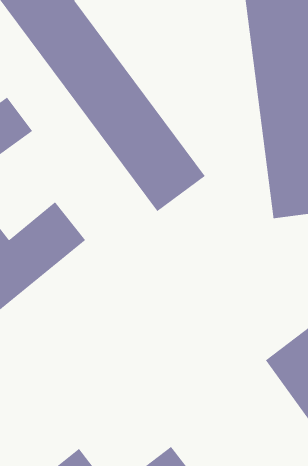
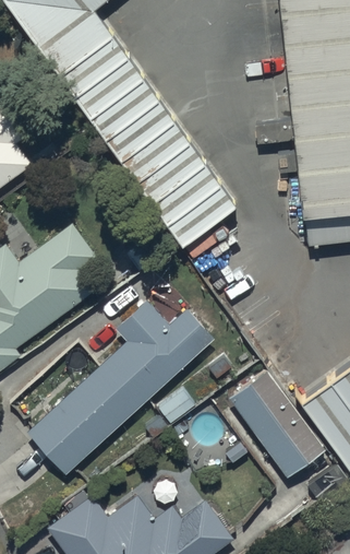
building: none -> [25,298,220,475]
building: none -> [234,380,325,479]

